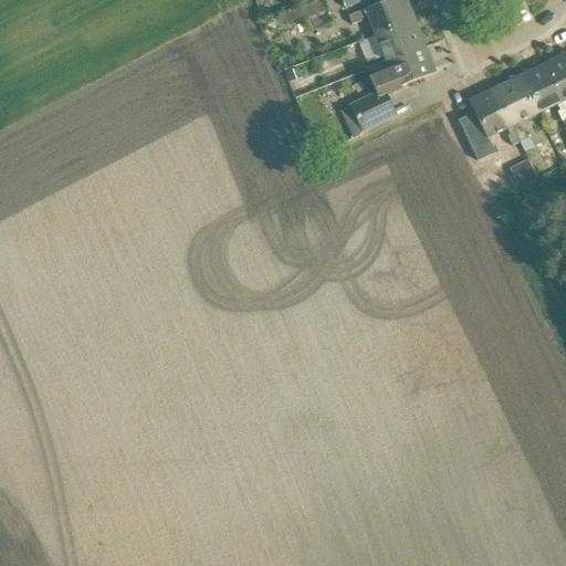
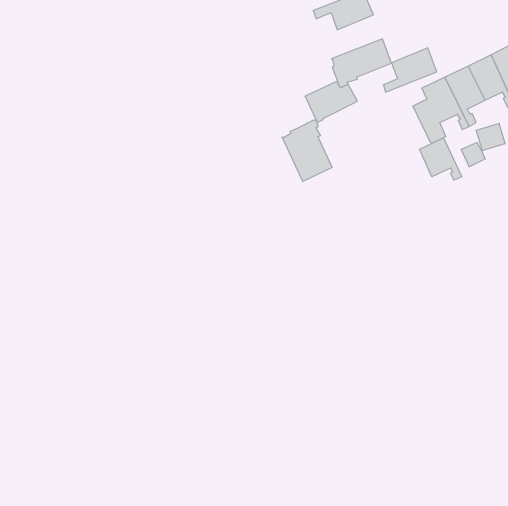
building: [367,17,426,65] -> [383,48,437,92]
building: none -> [282,120,332,182]
building: none -> [419,138,462,180]

